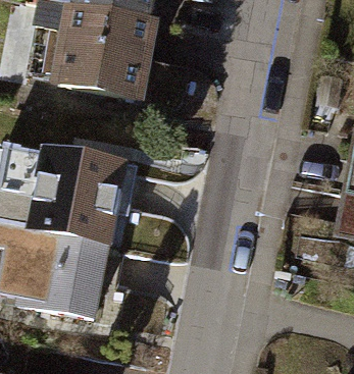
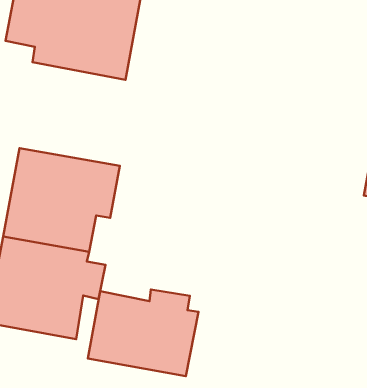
building: none -> [88,289,198,376]

